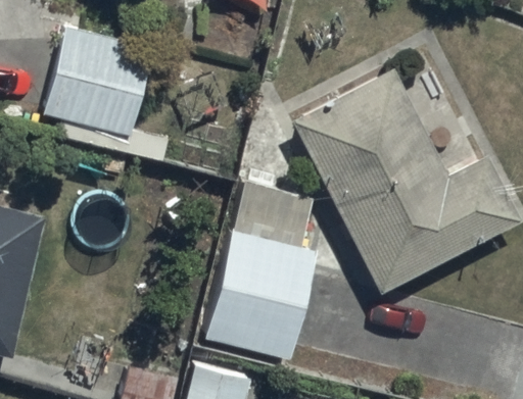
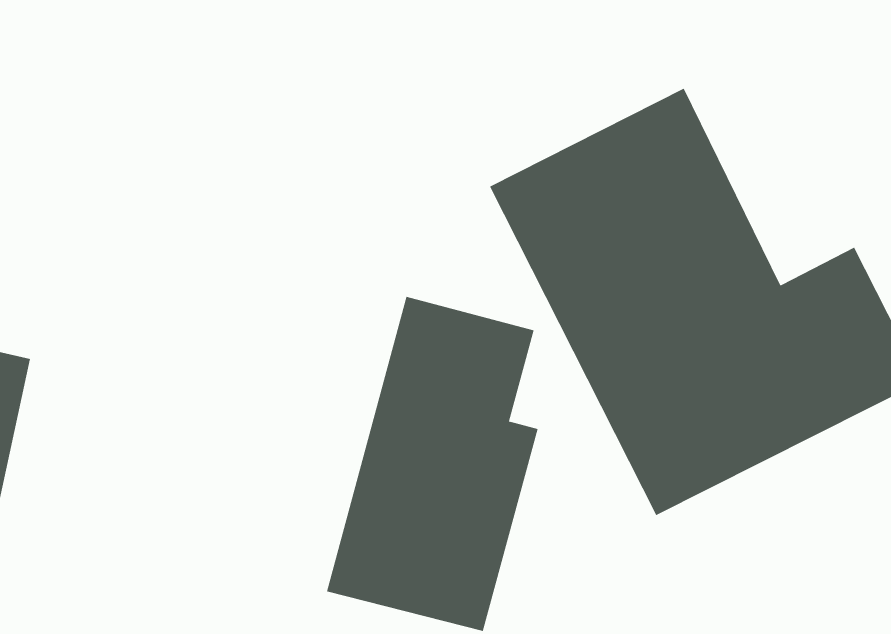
building: [44,27,171,164] -> none

